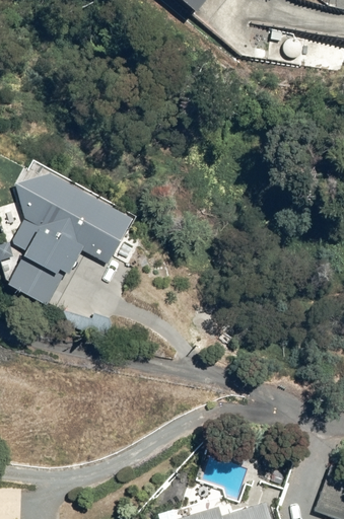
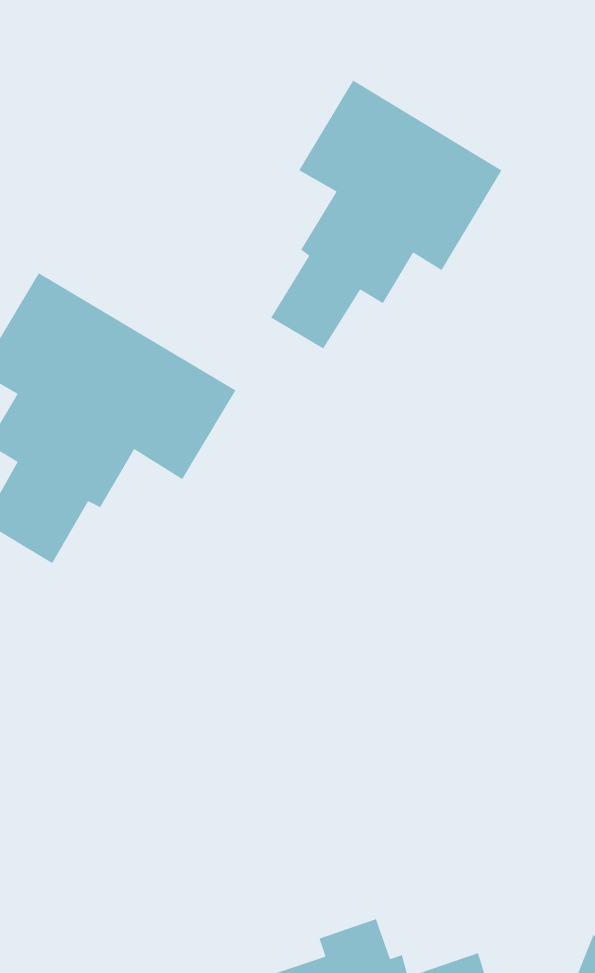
building: none -> [270,80,503,350]

